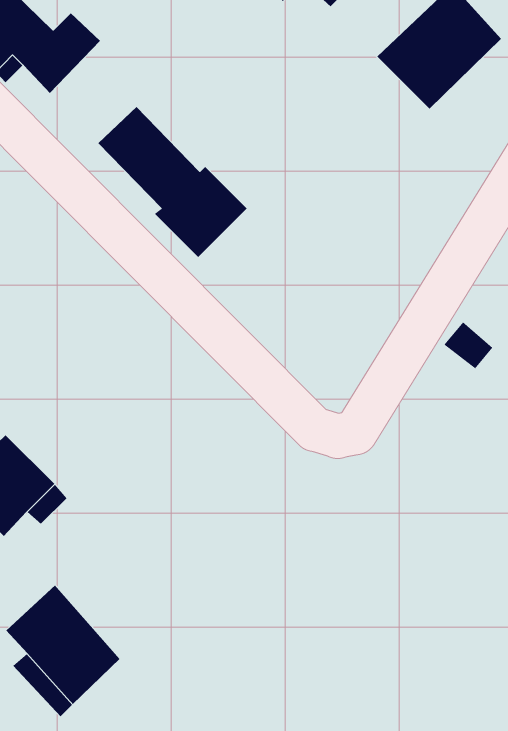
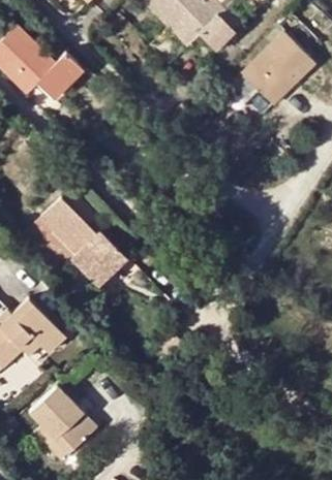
building: [98,106,248,258] -> [38,197,126,286]

